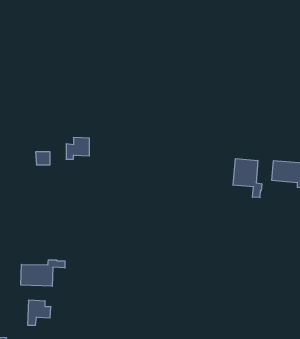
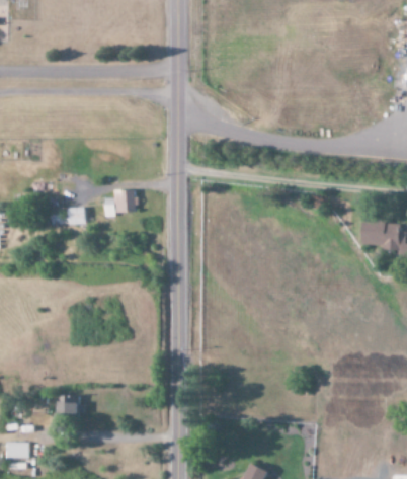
building: [233,159,262,198] -> none
building: [21,260,65,286] -> none

